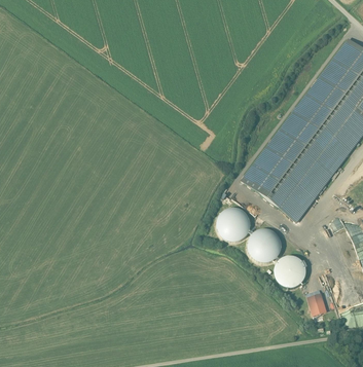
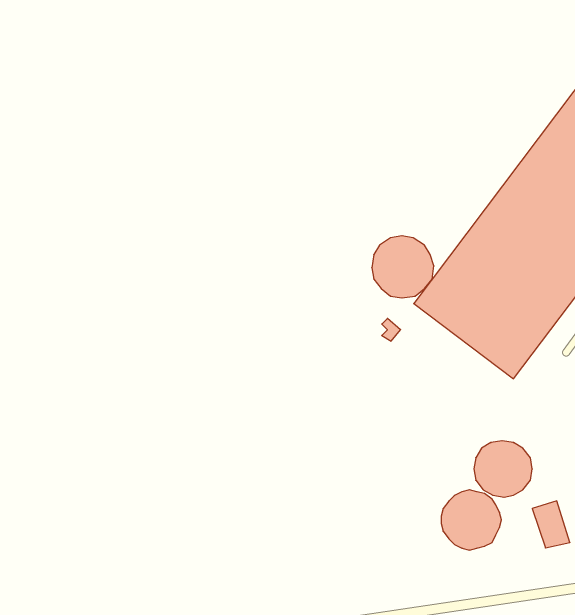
building: [217,207,251,241] -> [372,236,434,298]
building: [250,229,283,262] -> [441,490,501,550]

